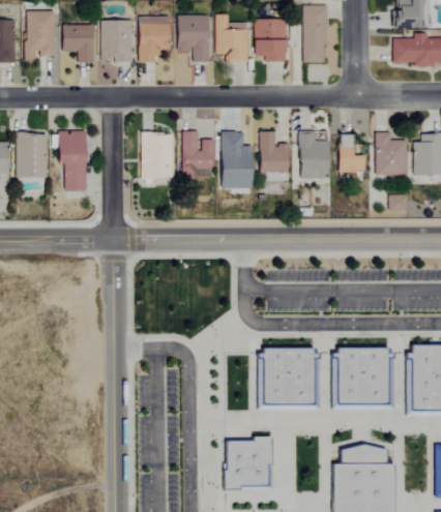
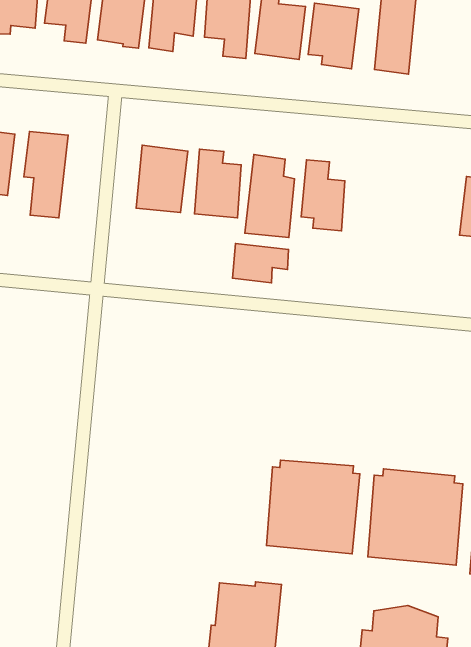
building: [299,131,330,179] -> none
building: [340,134,365,173] -> none
building: none -> [233,243,289,283]

